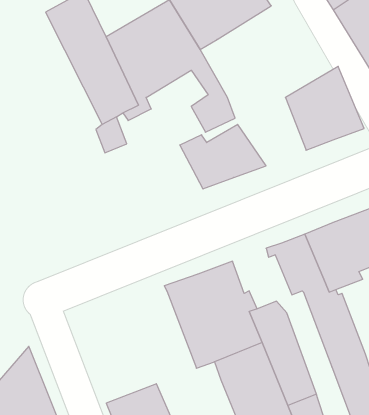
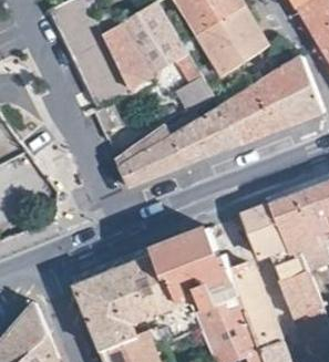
building: none -> [196,7,267,75]
building: none -> [214,85,273,144]
building: none -> [111,125,184,188]
building: none -> [76,251,199,348]

